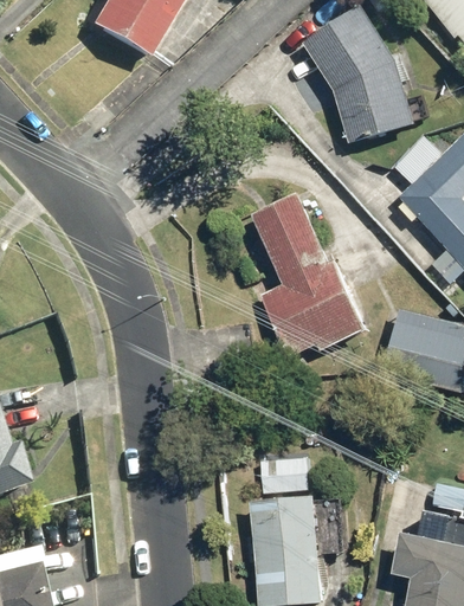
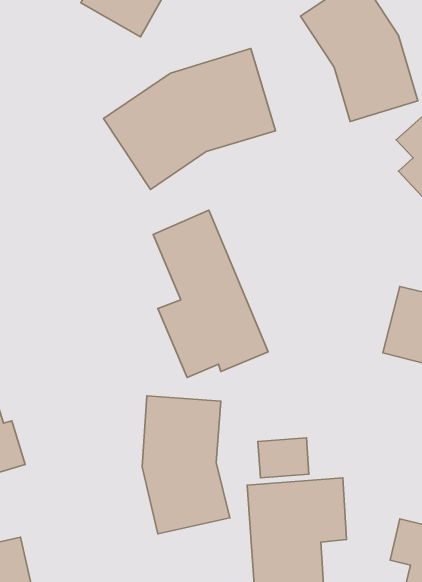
building: none -> [104,48,276,190]
building: [252,195,365,359] -> [153,210,268,377]
building: none -> [142,396,230,534]

